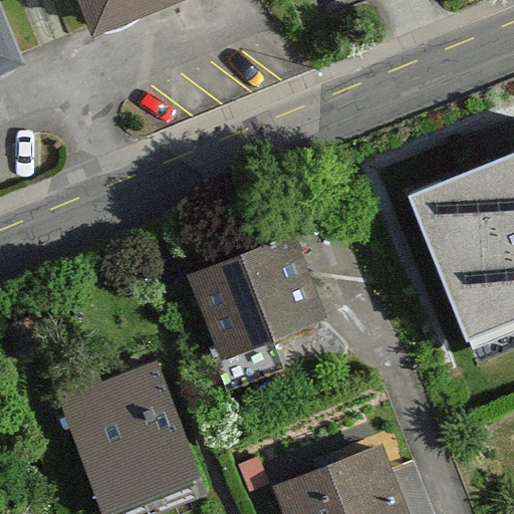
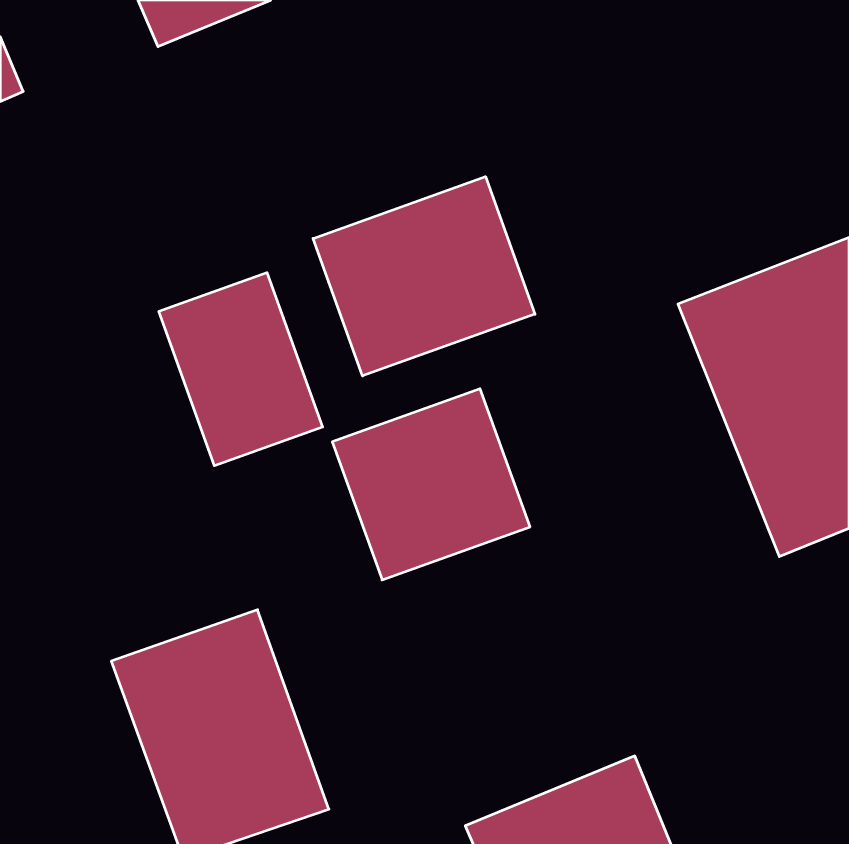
building: none -> [313,177,535,376]
building: none -> [159,273,323,466]

